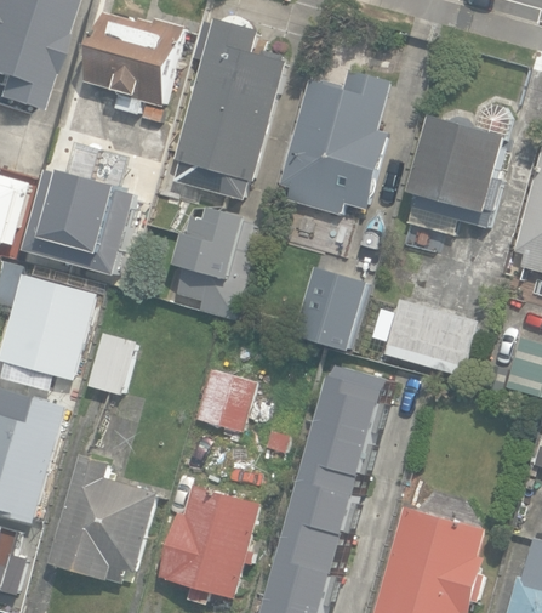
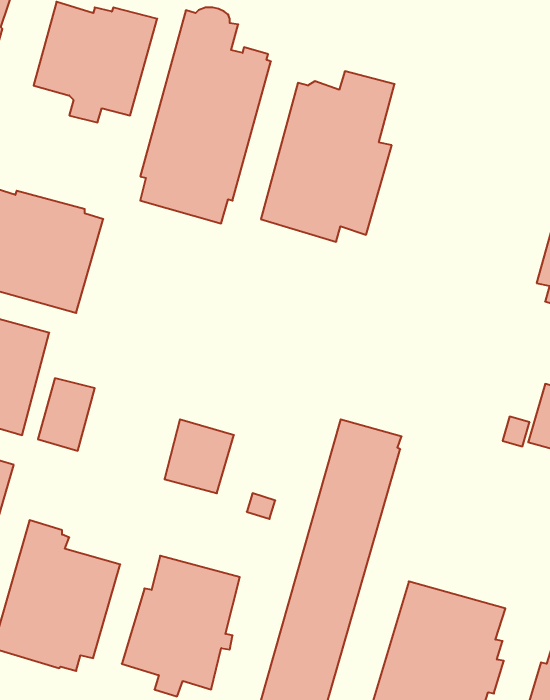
building: [405,103,509,235] -> none
building: [173,208,253,320] -> none
building: [307,273,361,344] -> none
building: [370,297,479,378] -> none

